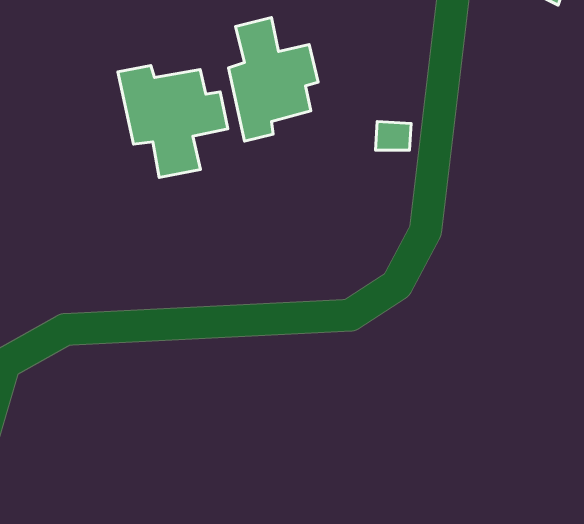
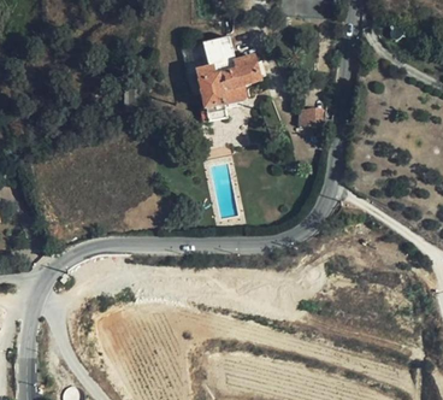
building: [118,66,228,177] -> none

